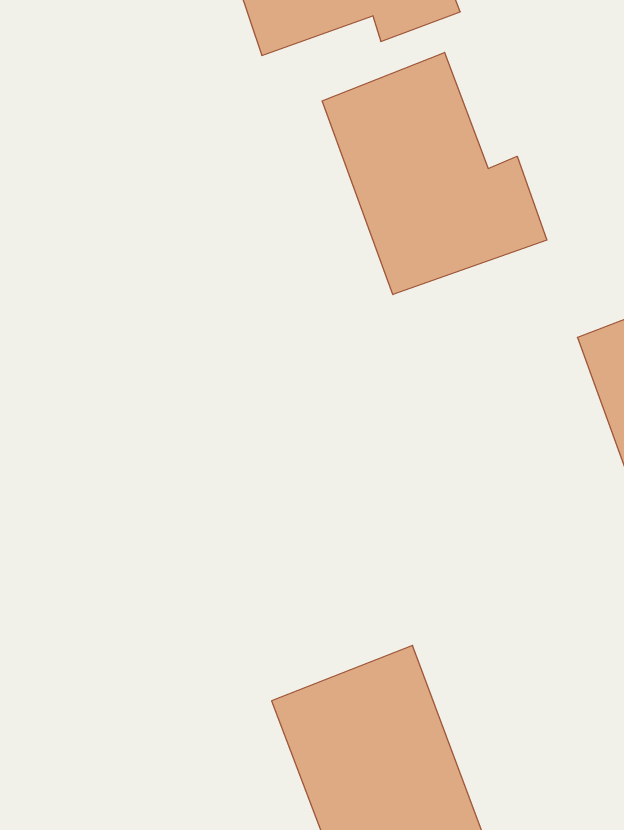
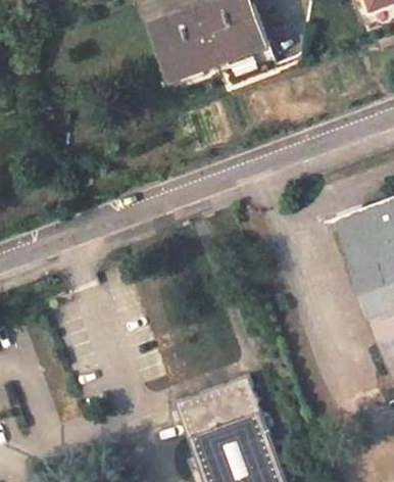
building: [322,52,547,295] -> none

